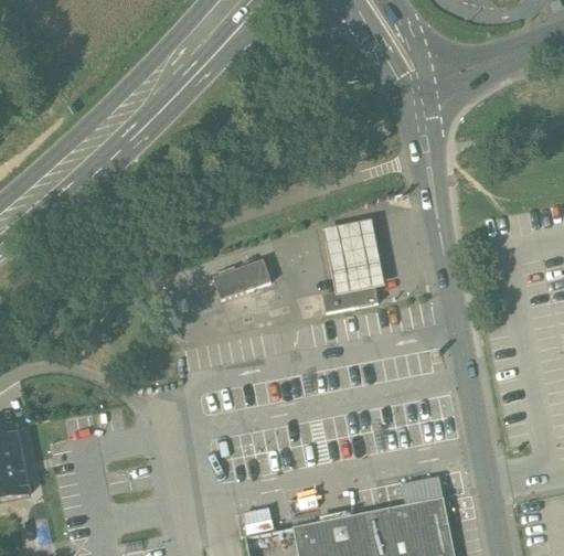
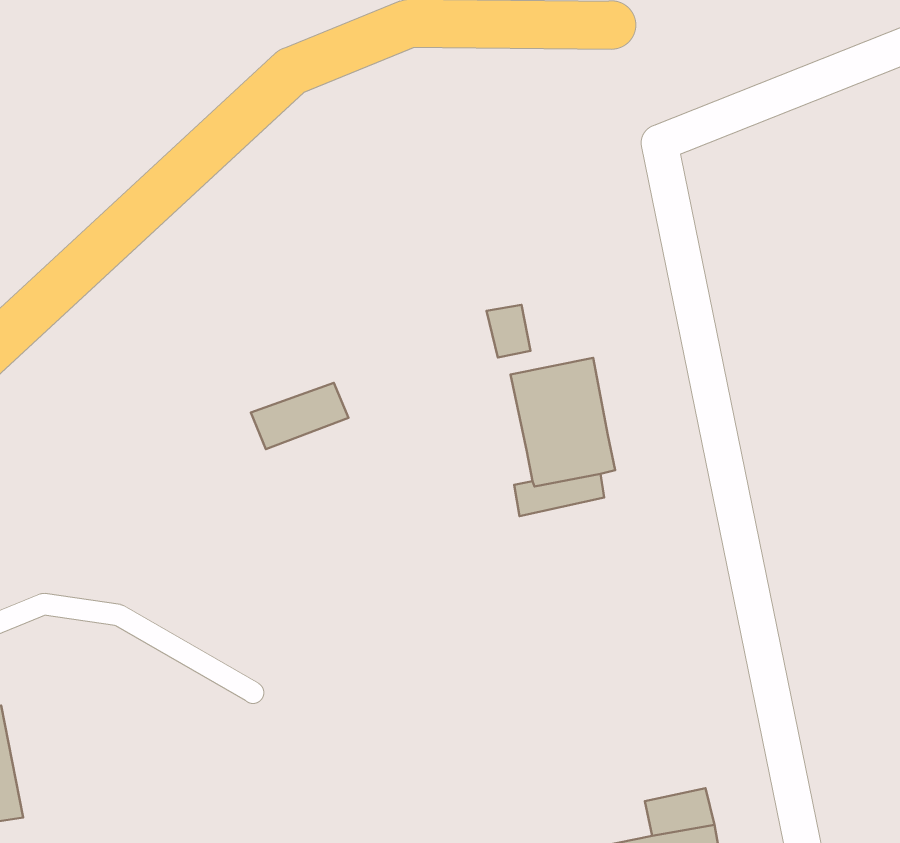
building: none -> [486,305,531,357]
building: [213,261,272,301] -> [251,383,348,449]

